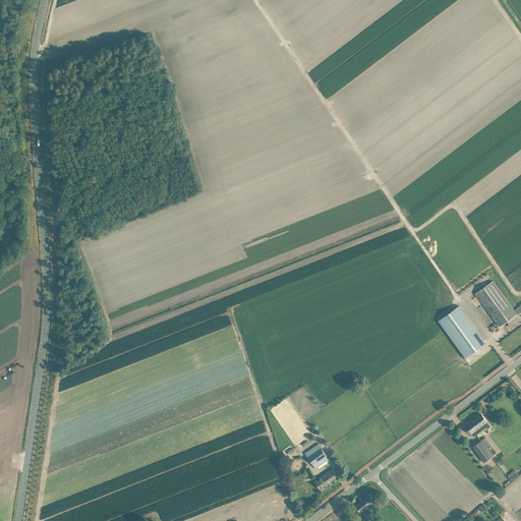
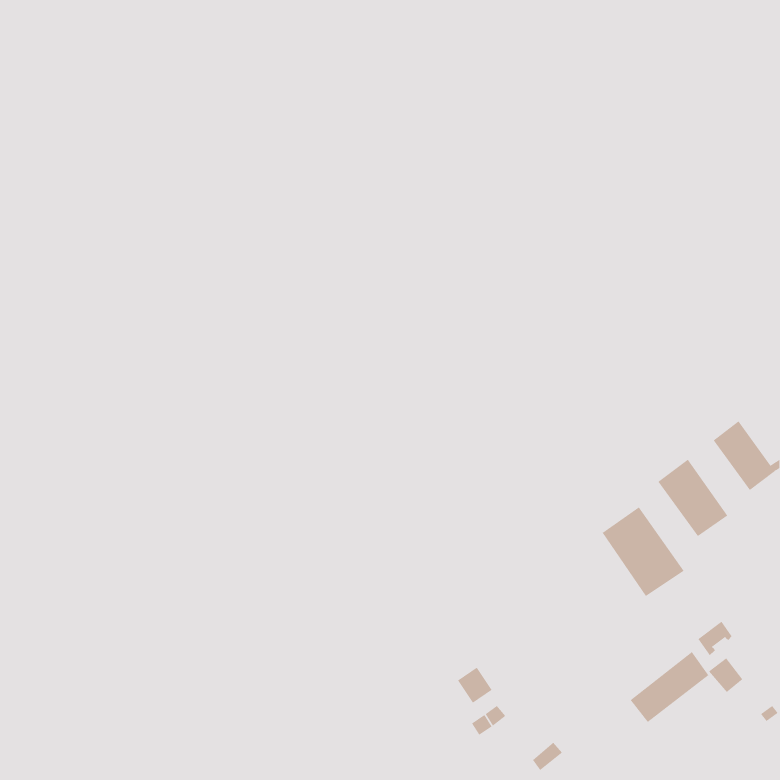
building: none -> [602,506,684,597]
building: none -> [630,651,709,723]

